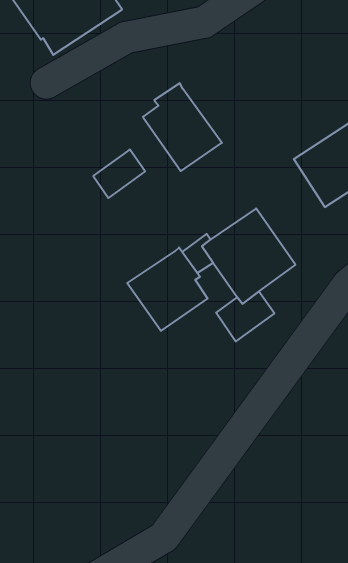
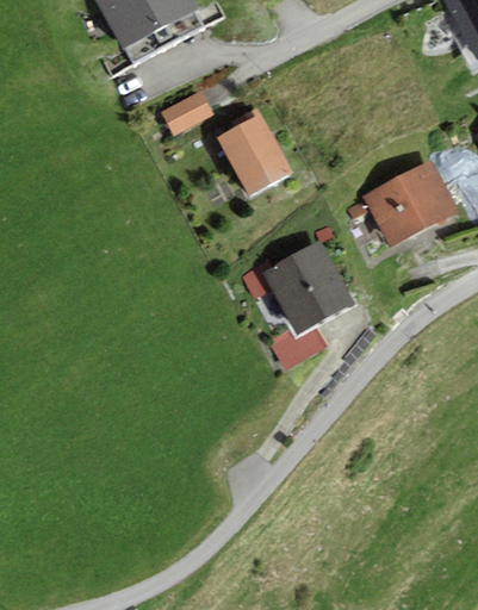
building: [93,149,145,198] -> [161,89,213,136]
building: [127,247,208,331] -> none

